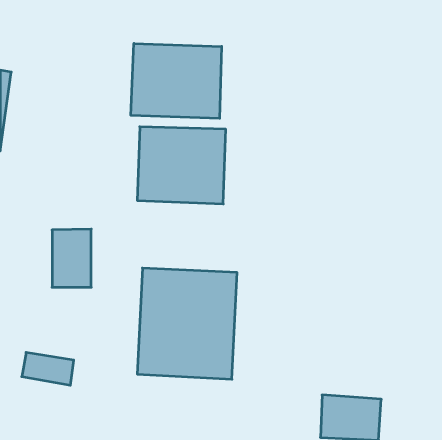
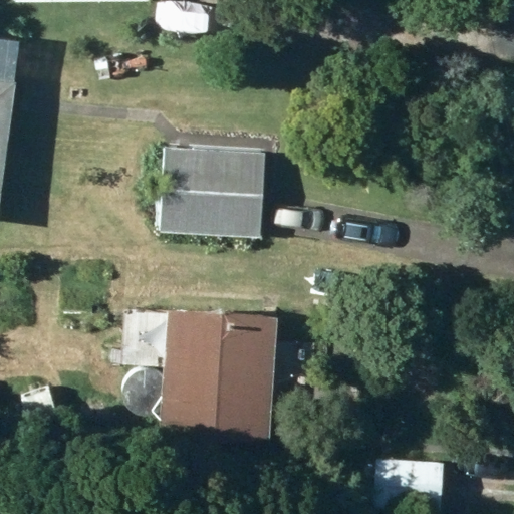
building: [131,43,222,118] -> none

